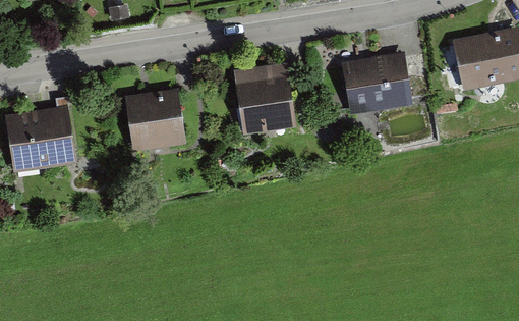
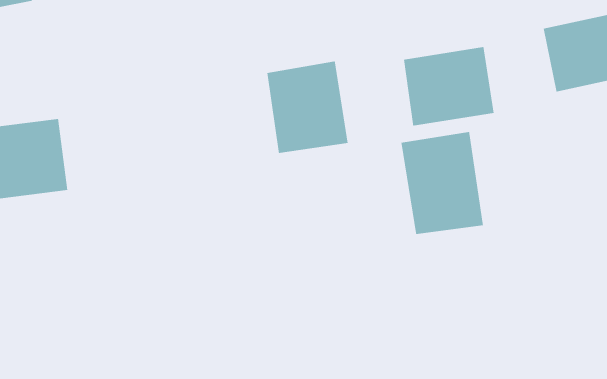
building: [124,88,187,150] -> none
building: none -> [401,131,484,235]

